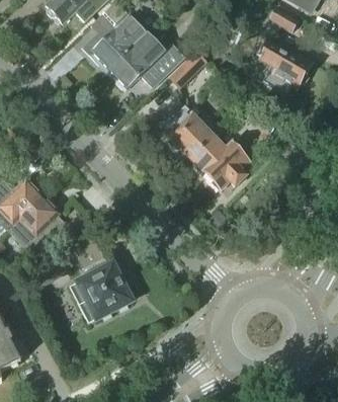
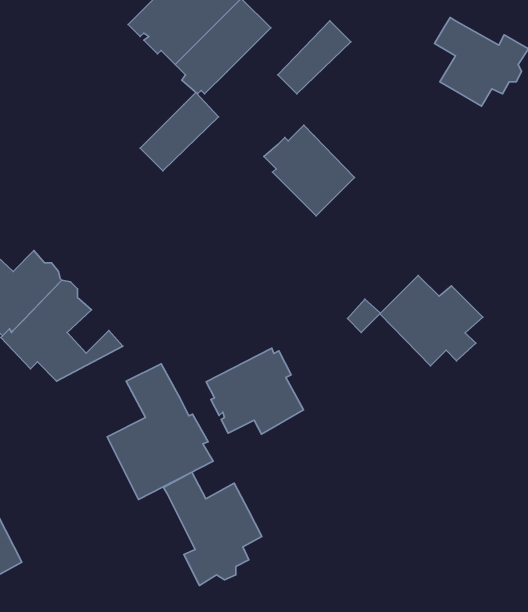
building: [139,42,184,87] -> [140,92,219,171]
building: [190,136,250,188] -> [380,275,483,366]
building: none -> [206,348,304,434]
building: none -> [163,472,262,585]

